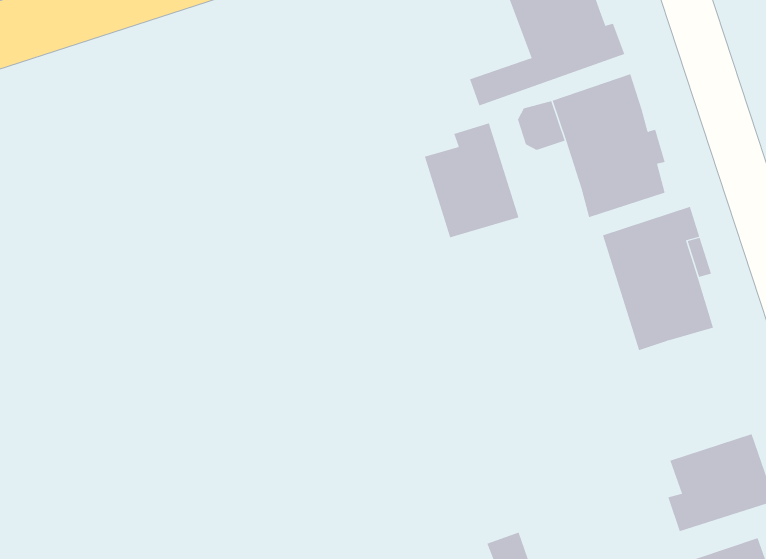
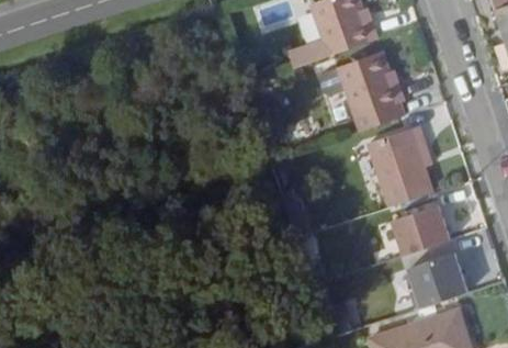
building: [424,123,519,238] -> none
building: none -> [397,205,454,254]

